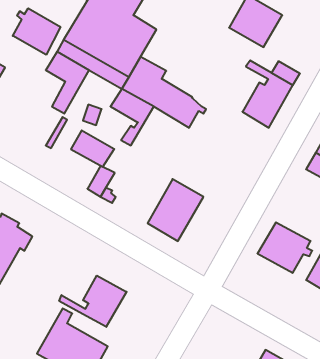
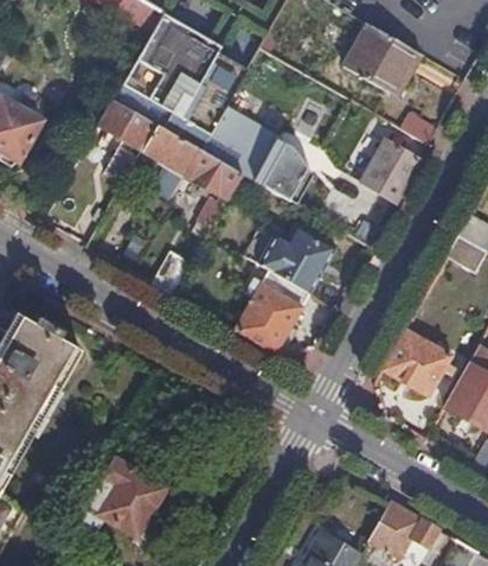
building: [13,8,60,55] -> none
building: [71,130,114,167] -> [142,125,200,173]
building: none -> [258,224,336,294]
building: [59,276,127,327] -> none

